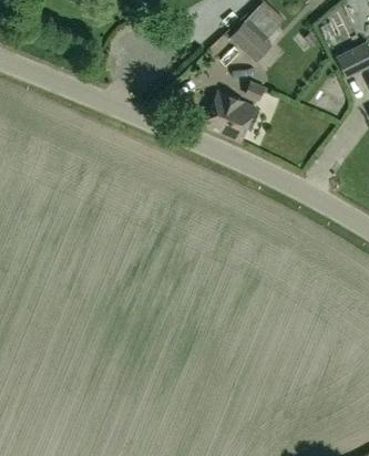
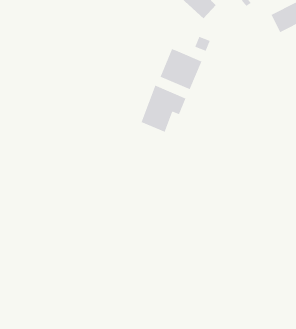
building: none -> [140,85,187,133]

